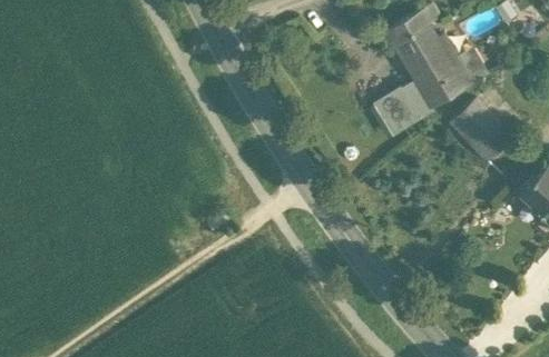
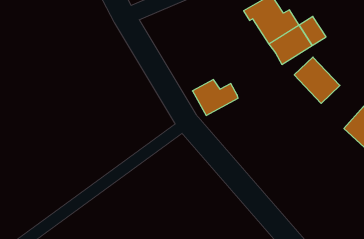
building: [374,83,437,132] -> [192,80,238,115]

